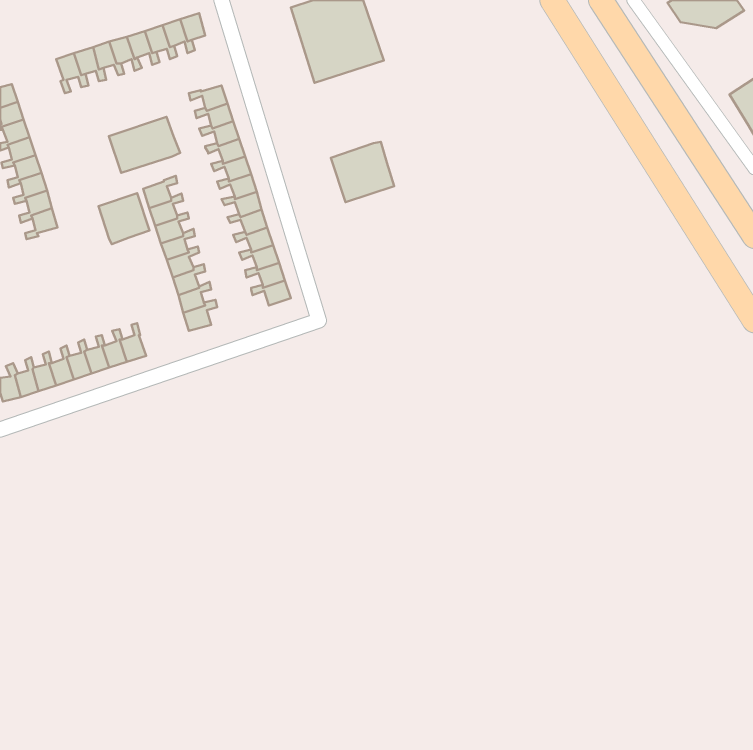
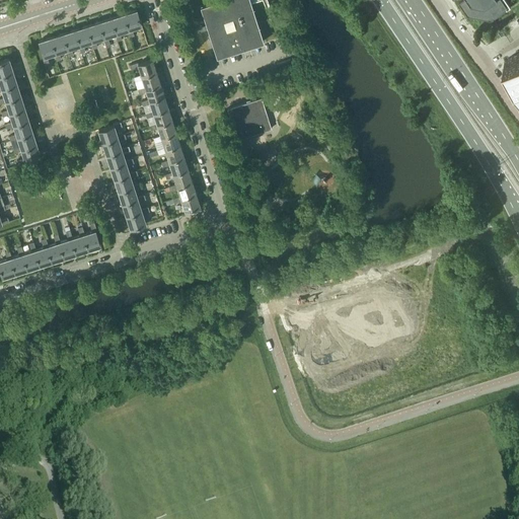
building: [109,117,180,173] -> none
building: [99,193,150,244] -> none

